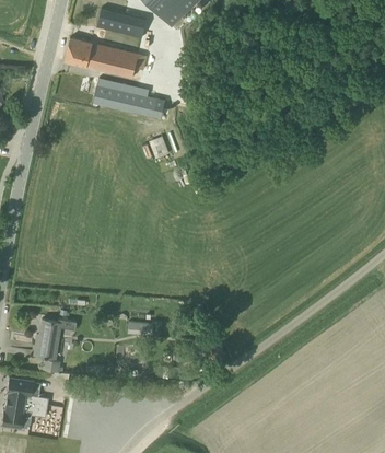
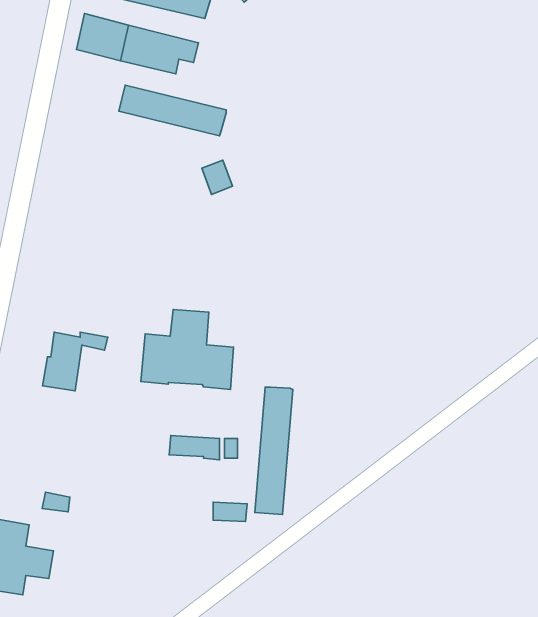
building: none -> [141,309,233,389]
building: none -> [255,387,293,514]
building: [33,317,77,357] -> [43,332,108,391]

